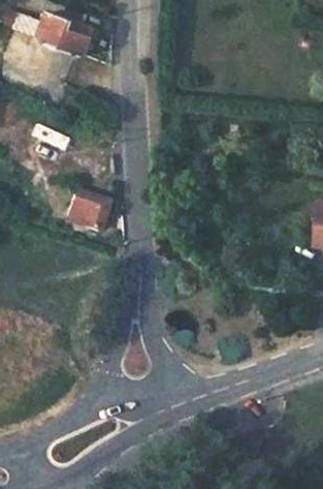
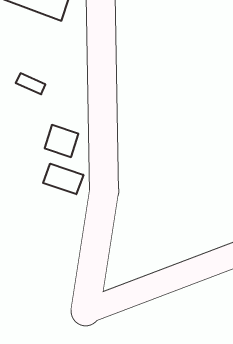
building: none -> [43,164,83,194]

